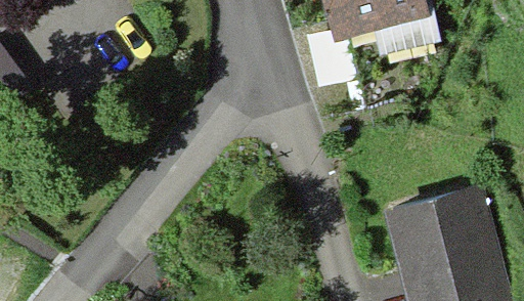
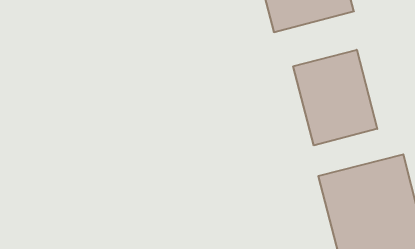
building: none -> [293,50,377,145]

